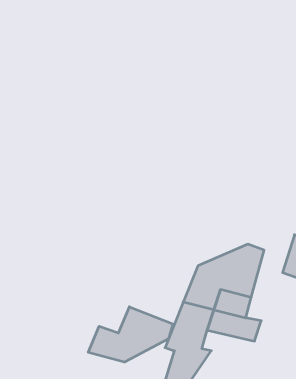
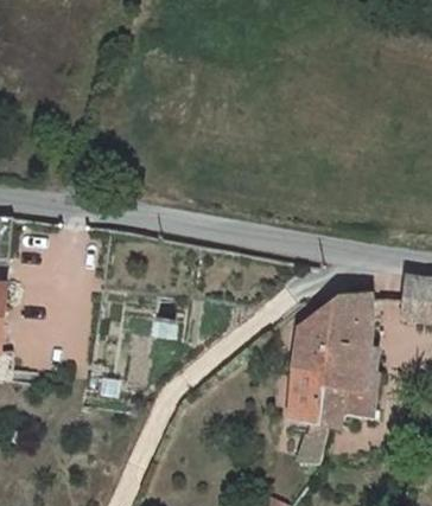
building: [88,307,173,362] -> none
building: none -> [318,391,376,421]

